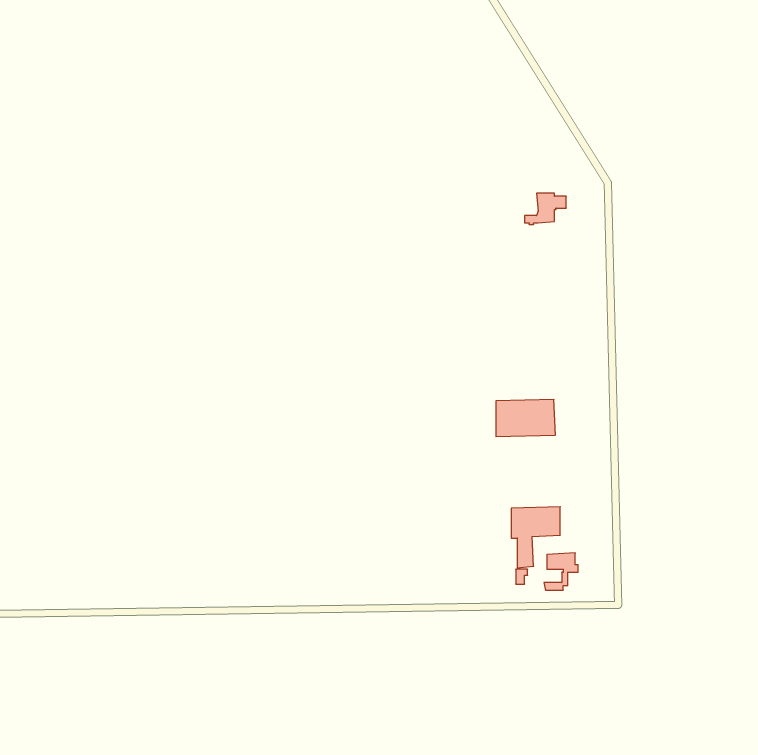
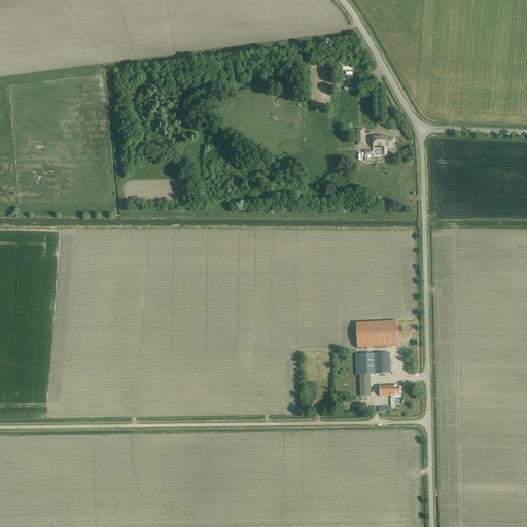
building: [496,399,555,437] -> [356,320,397,346]

